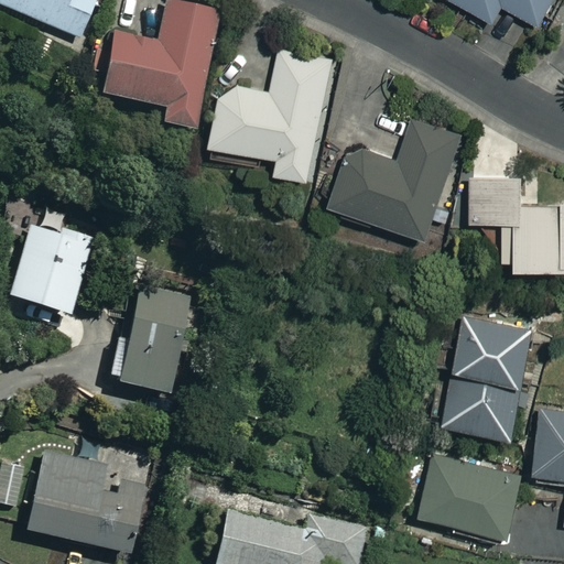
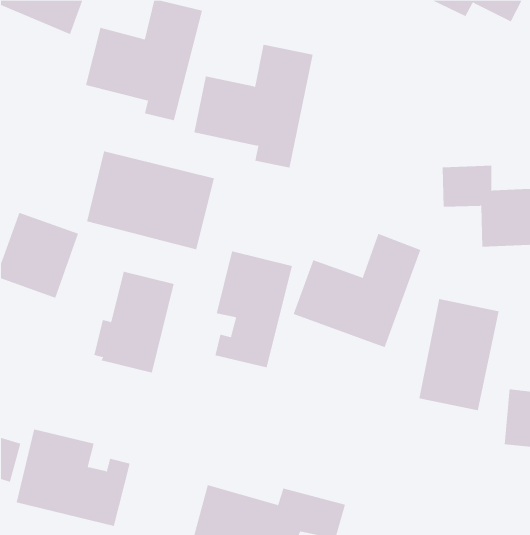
building: [329,117,464,237] -> [293,233,421,348]
building: none -> [86,151,215,250]
building: none -> [215,250,292,368]
building: [424,455,521,532] -> none

